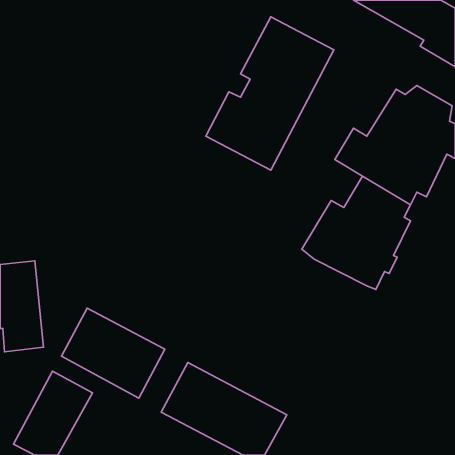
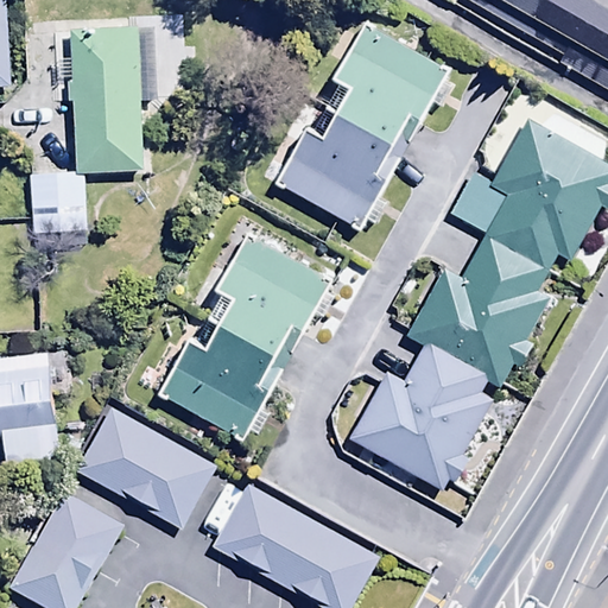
building: none -> [28,25,156,229]
building: none -> [156,233,335,442]
building: none -> [352,346,493,487]

